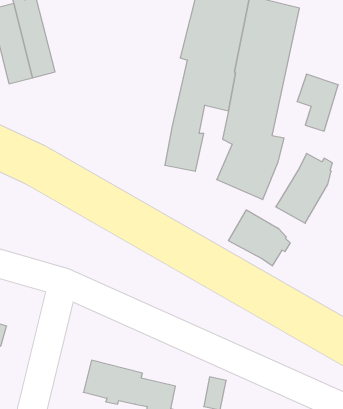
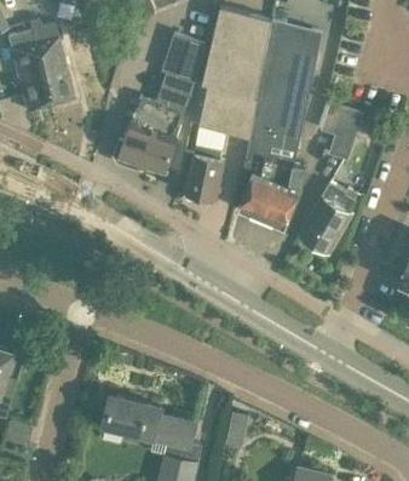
building: none -> [113,34,206,174]
building: [228,210,290,266] -> none

